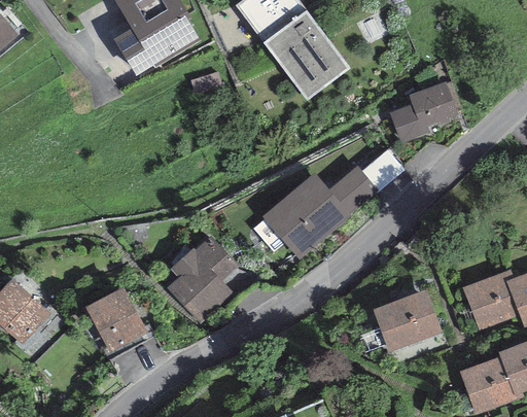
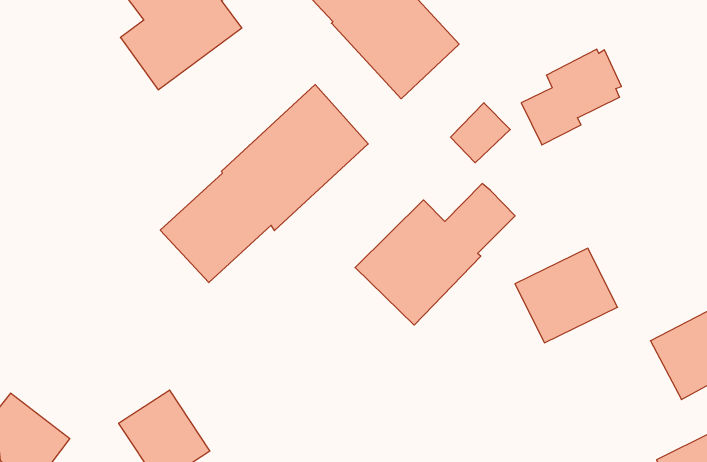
building: none -> [160,85,368,283]
building: [361,149,403,190] -> [451,103,510,163]
building: [167,235,238,324] -> none
building: [373,289,443,352] -> [515,248,618,343]

